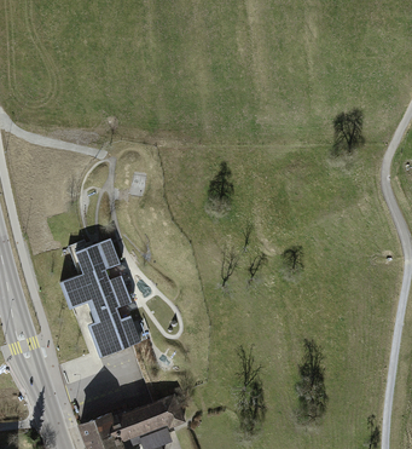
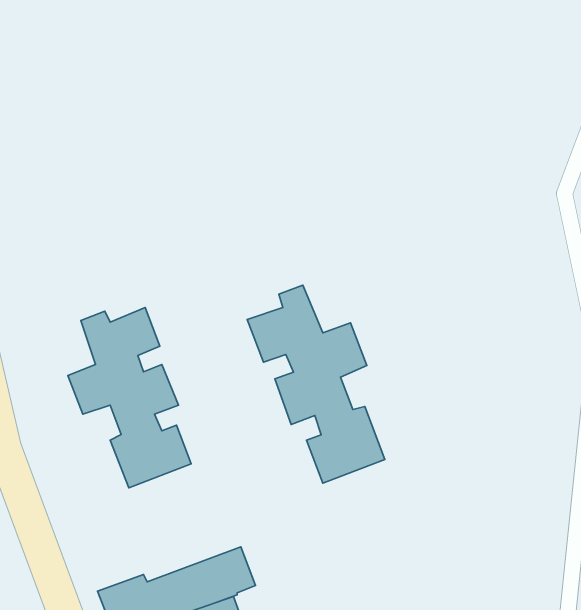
building: none -> [247,285,385,483]

